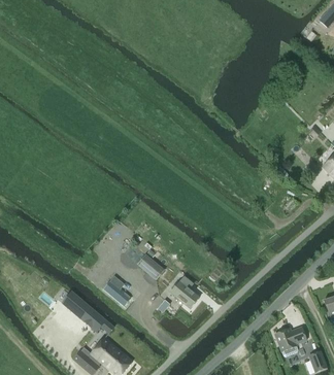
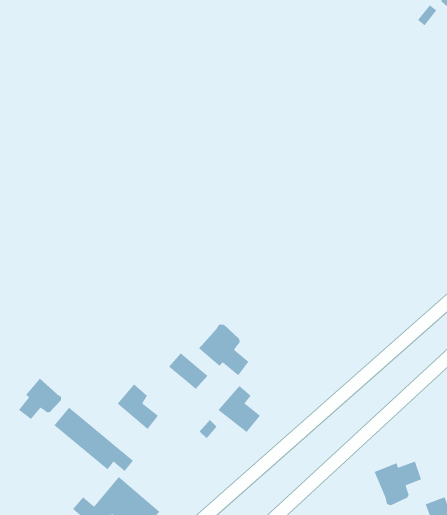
building: none -> [198,324,249,376]
building: none -> [18,378,62,420]

